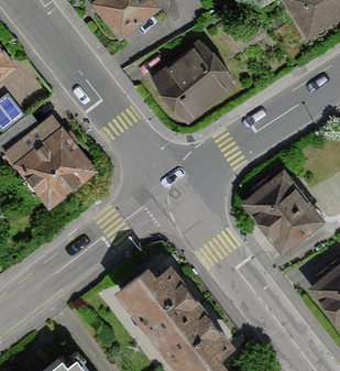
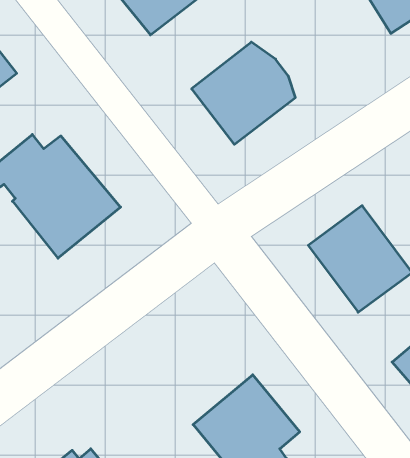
building: [116,263,199,339] -> none

